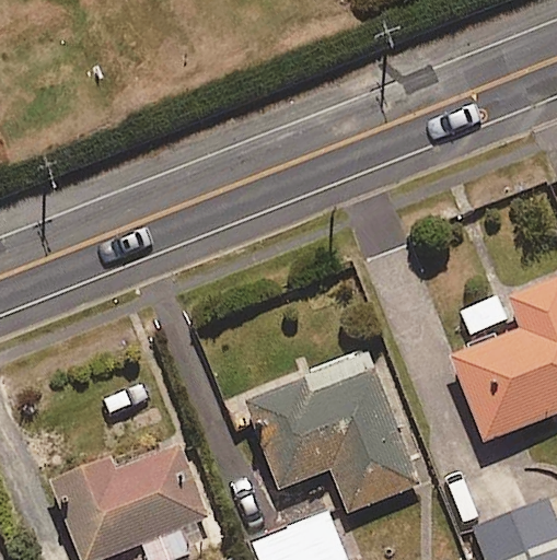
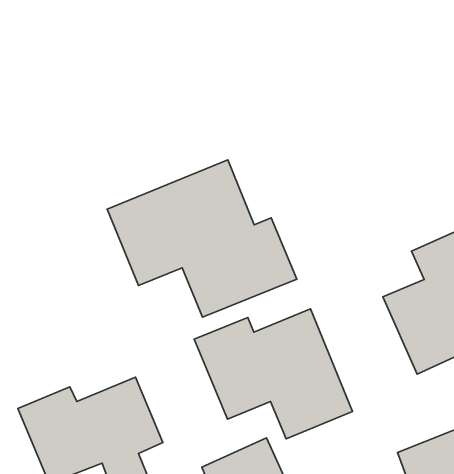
building: none -> [107,160,297,317]

